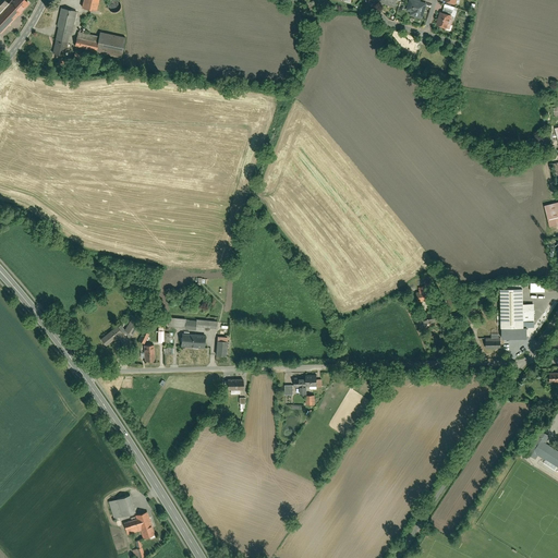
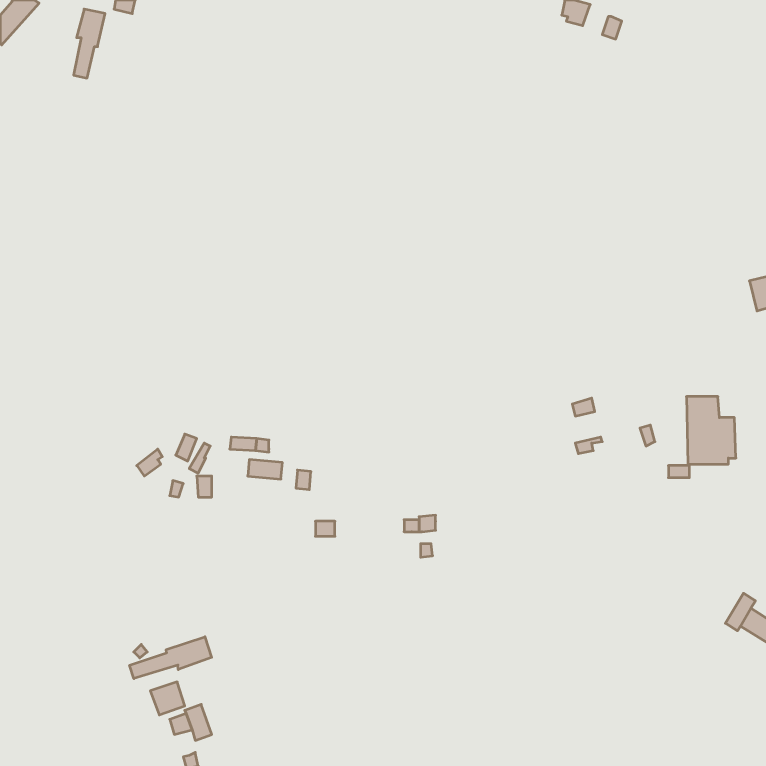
building: [75,33,128,60] -> none
building: none -> [130,637,212,679]

